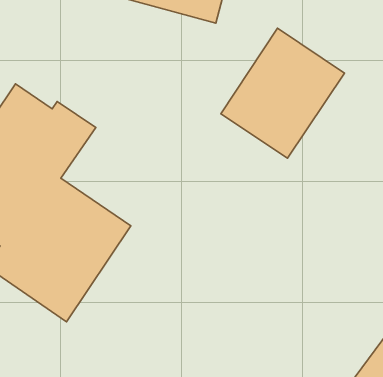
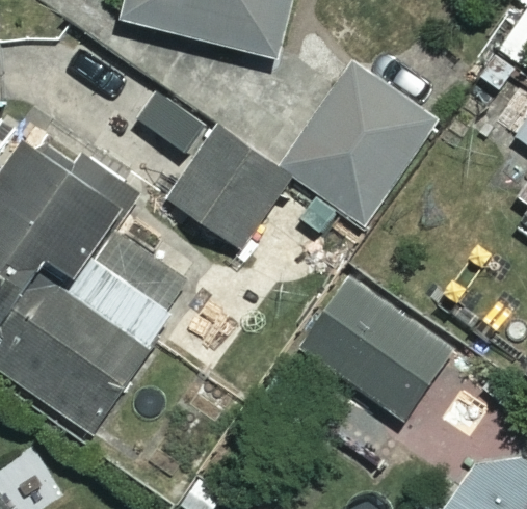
building: none -> [169,128,280,242]
building: none -> [298,275,452,420]

